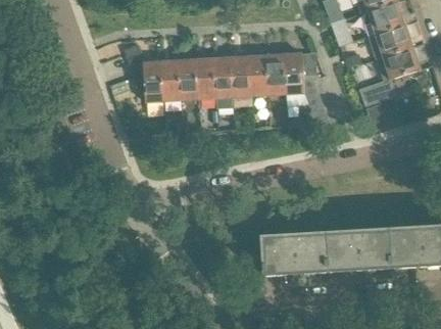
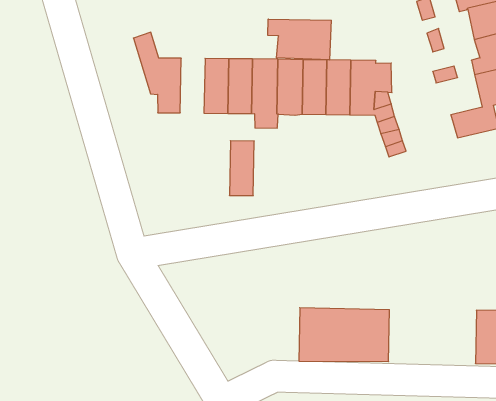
building: none -> [268,19,331,60]
building: [160,59,180,100] -> [229,141,254,196]
building: [325,229,390,271] -> none

